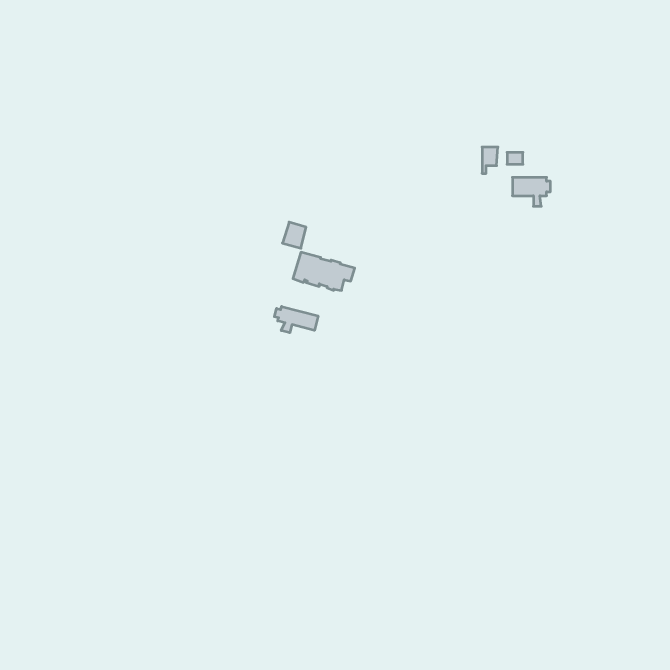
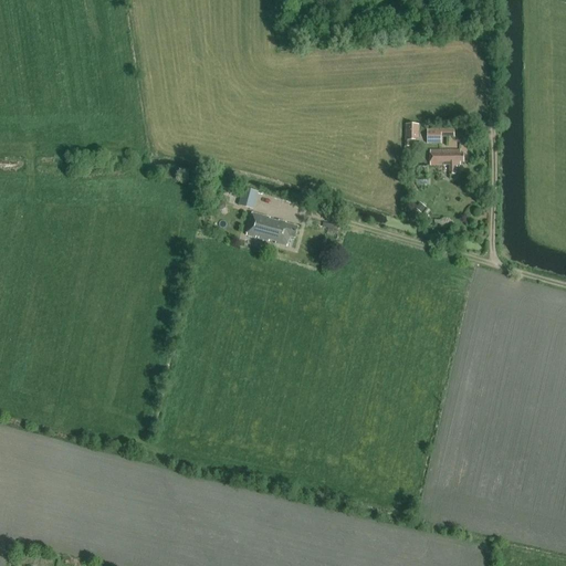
building: [274,306,318,333] -> none

